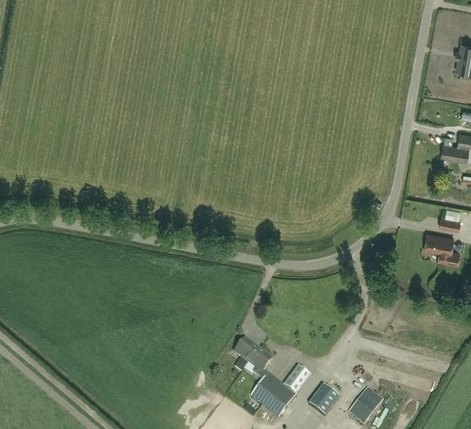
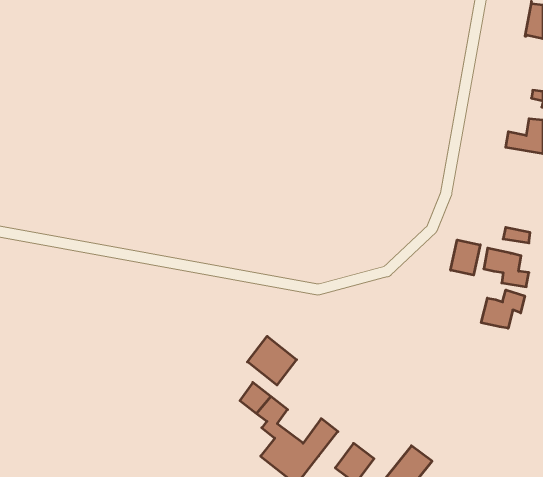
building: none -> [451,240,480,275]
building: none -> [481,290,525,328]
building: none -> [247,336,297,385]

